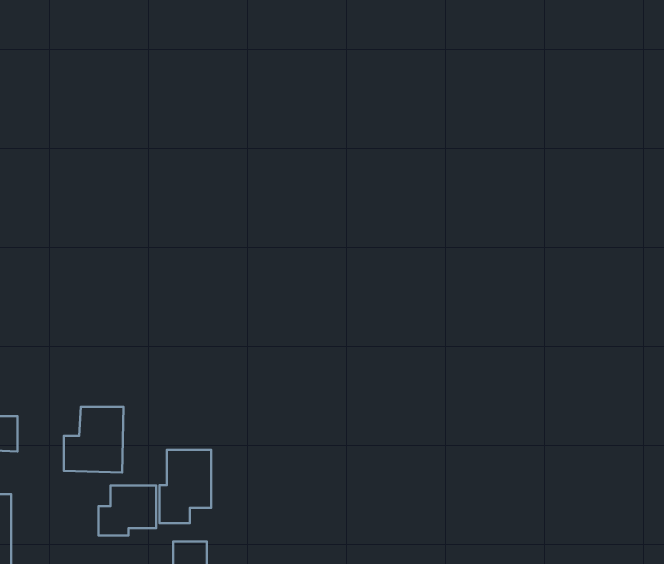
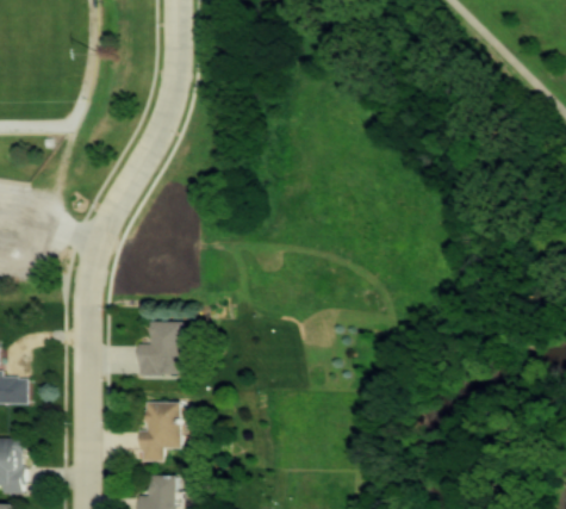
building: [64,407,124,473] -> [138,322,185,373]
building: [98,486,156,535] -> none

